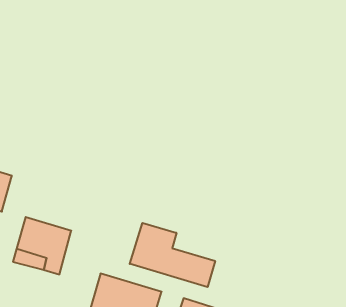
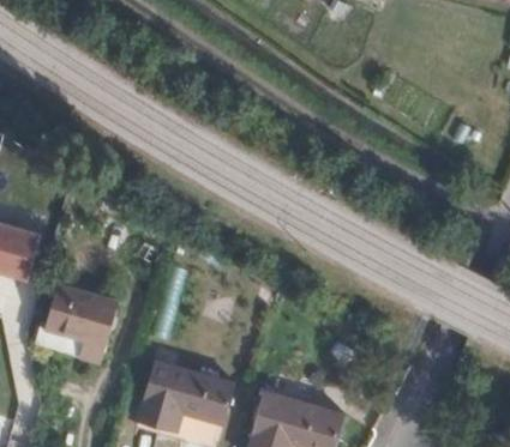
building: [130,223,215,287] -> none

